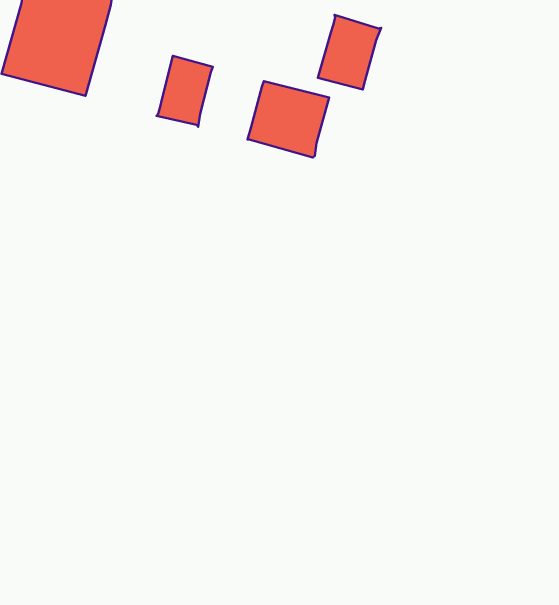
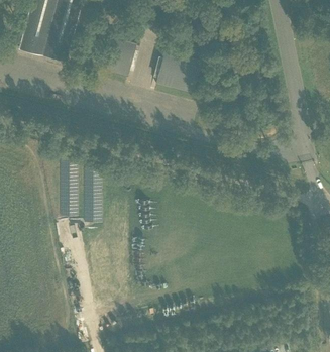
building: [318,15,381,90] -> none

